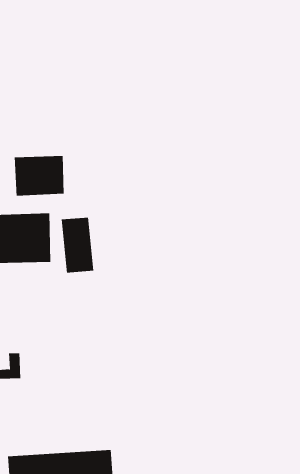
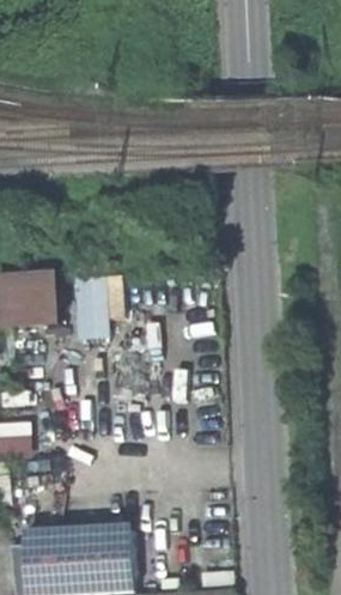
building: [14,155,64,197] -> none

